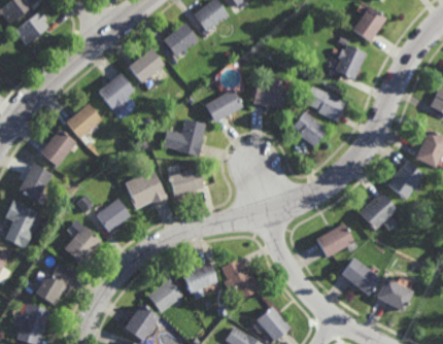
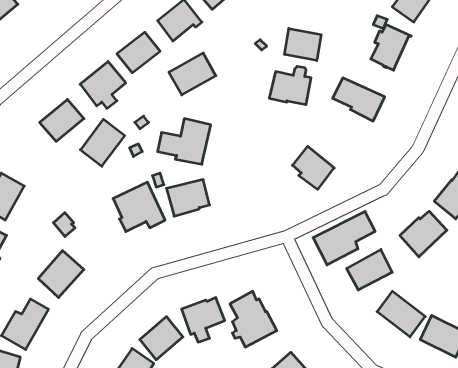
building: none -> [284,28,321,61]
building: [204,87,242,121] -> [169,53,216,95]
building: [293,110,327,145] -> [292,146,334,189]
building: [41,127,77,165] -> [80,119,125,166]
building: none -> [313,211,375,265]
building: [97,198,131,232] -> none

